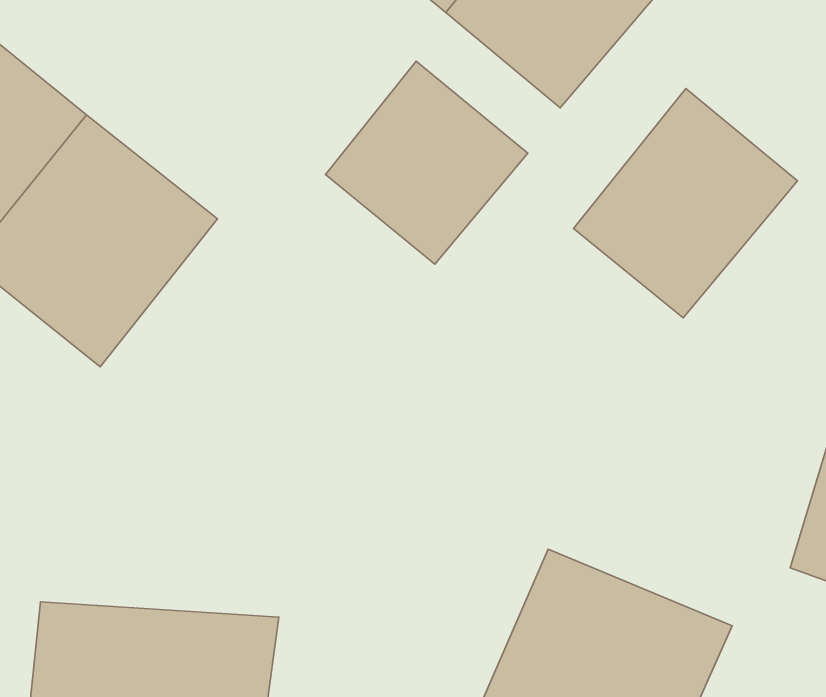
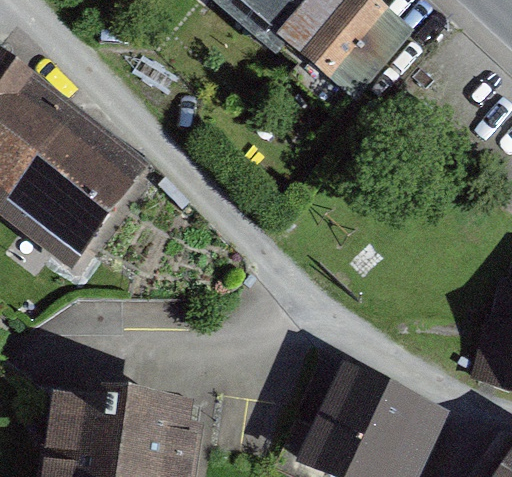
building: [325,61,528,264] -> none
building: [573,89,798,318] -> none

